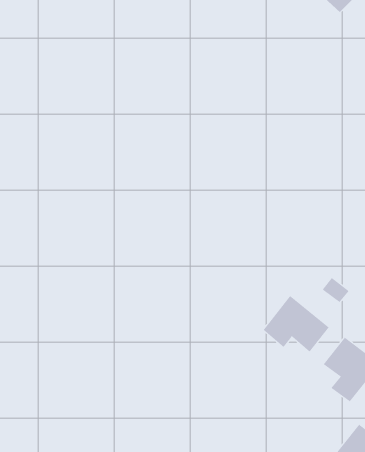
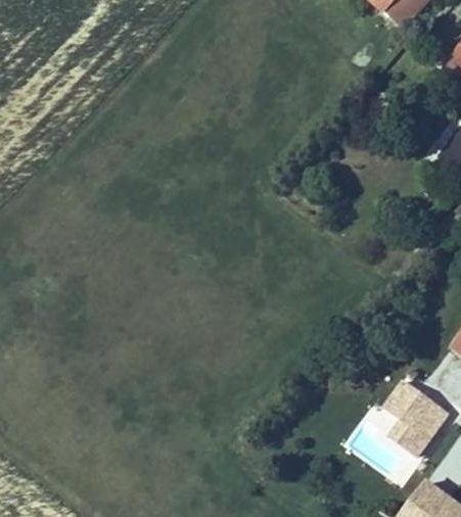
building: [263,295,329,352] -> none

